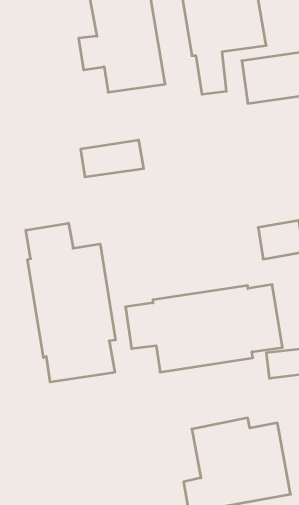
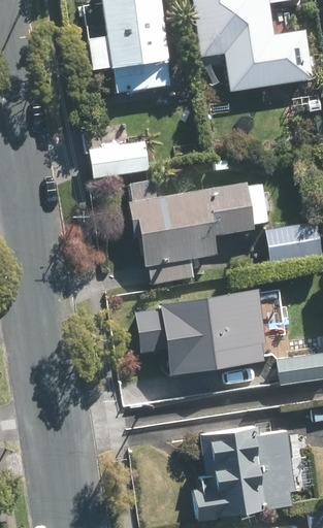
building: none -> [125,183,267,284]
building: [26,223,115,382] -> none

